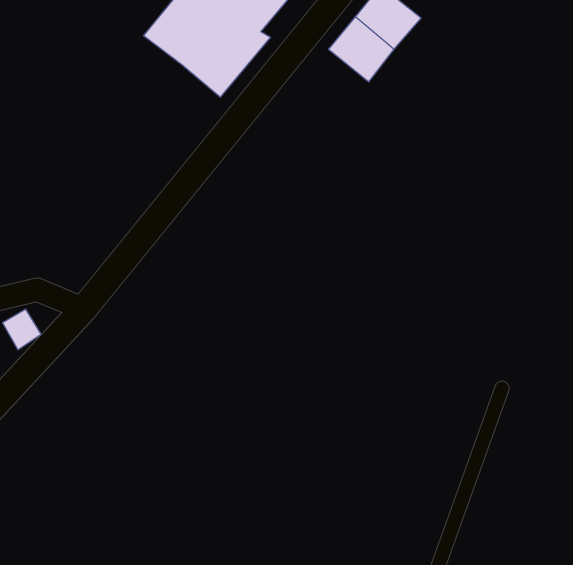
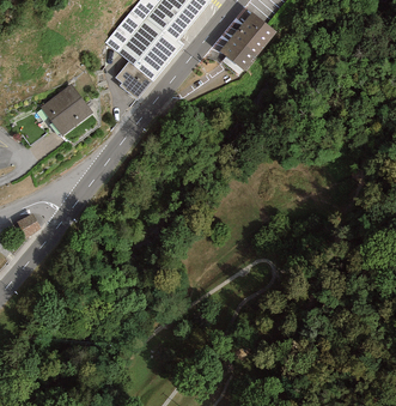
building: none -> [115,60,152,99]
building: none -> [43,87,90,134]

